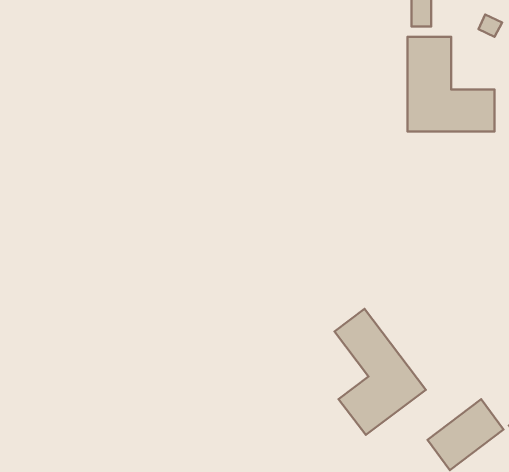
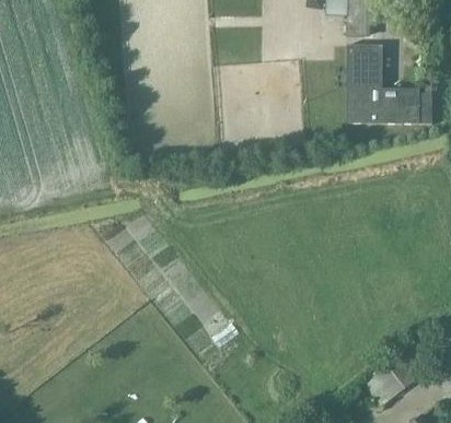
building: [335,309,426,435] -> none

